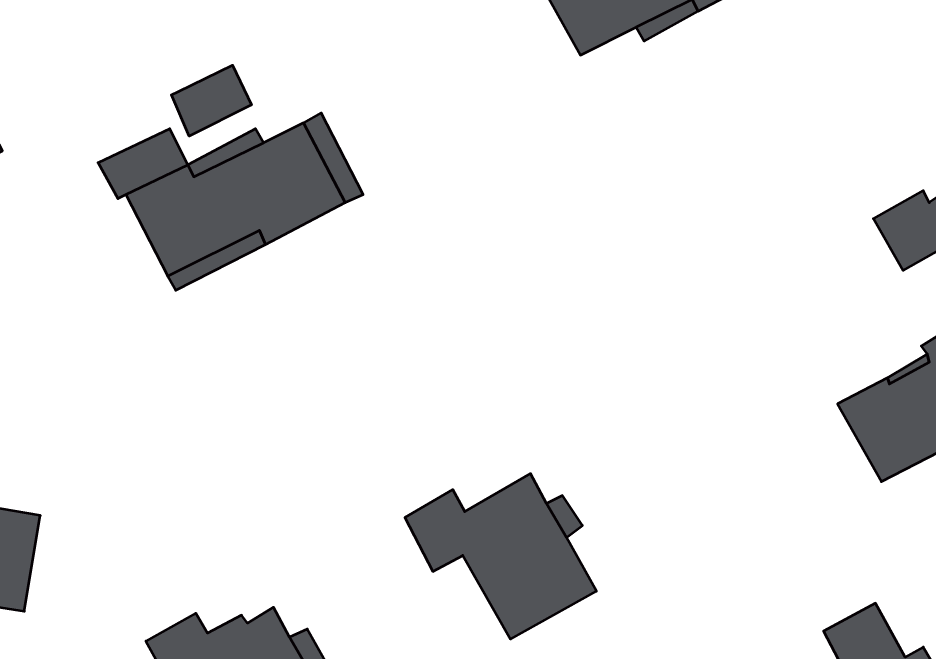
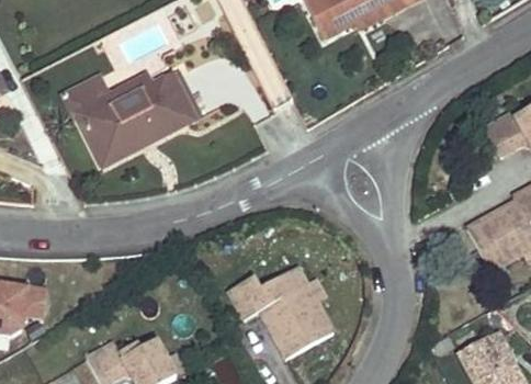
building: [171,65,251,136] -> none

